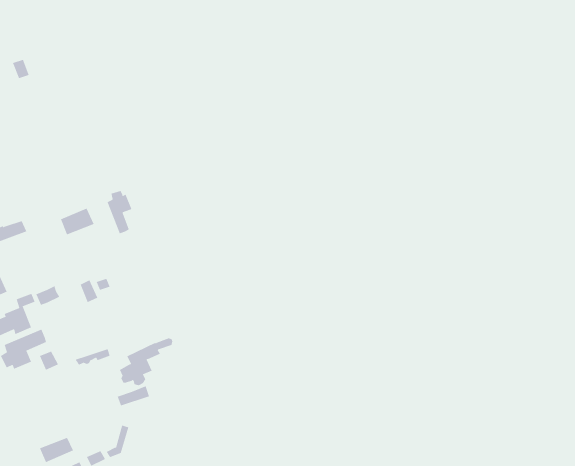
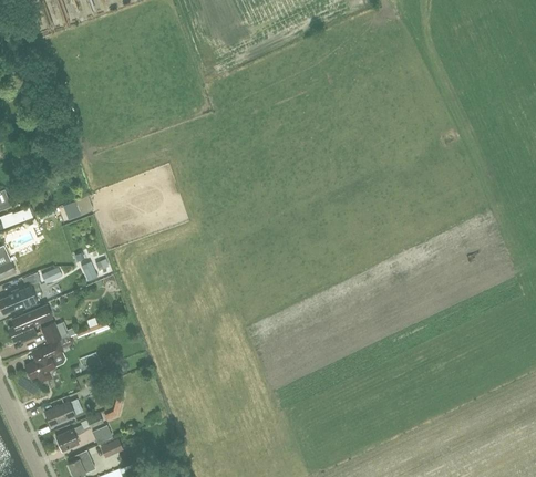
building: [107,190,132,234] -> none
building: [119,338,173,386] -> [24,336,73,380]

